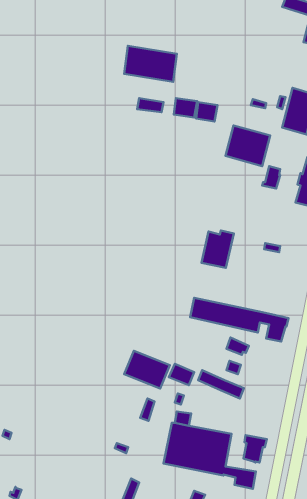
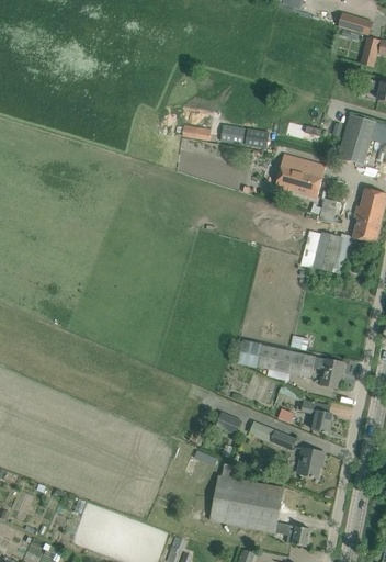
building: [124,46,177,82] -> none
building: [201,230,234,268] -> [314,232,349,272]
building: [124,351,170,389] -> none
building: none -> [302,398,332,432]
building: [243,435,267,462] -> [299,448,325,477]

